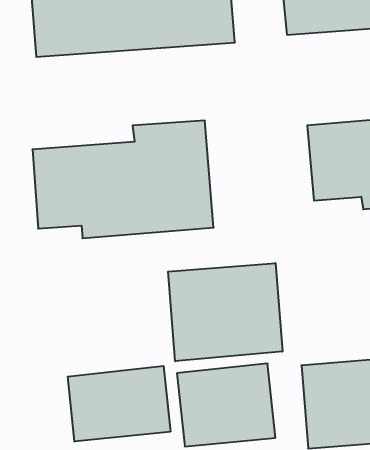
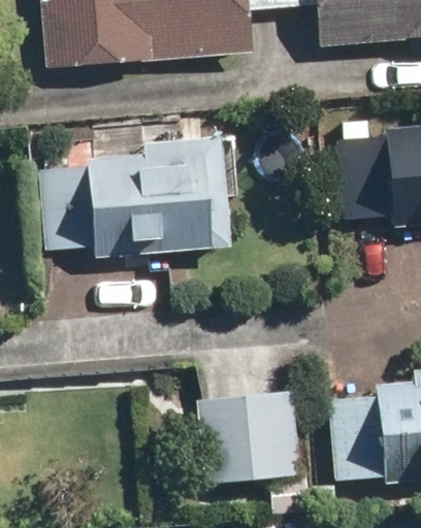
building: [168,263,282,361] -> none
building: [68,366,170,442] -> none

